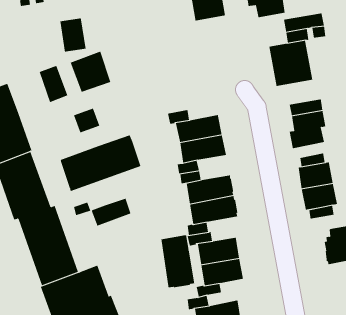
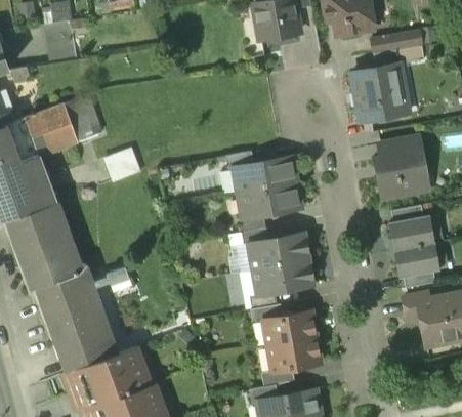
building: [59,18,86,52] -> [44,19,78,62]
building: [70,51,111,93] -> [25,102,77,155]
building: [59,135,141,192] -> none
building: [91,198,131,226] -> none
building: none -> [402,292,428,319]
building: [161,234,195,288] -> none

